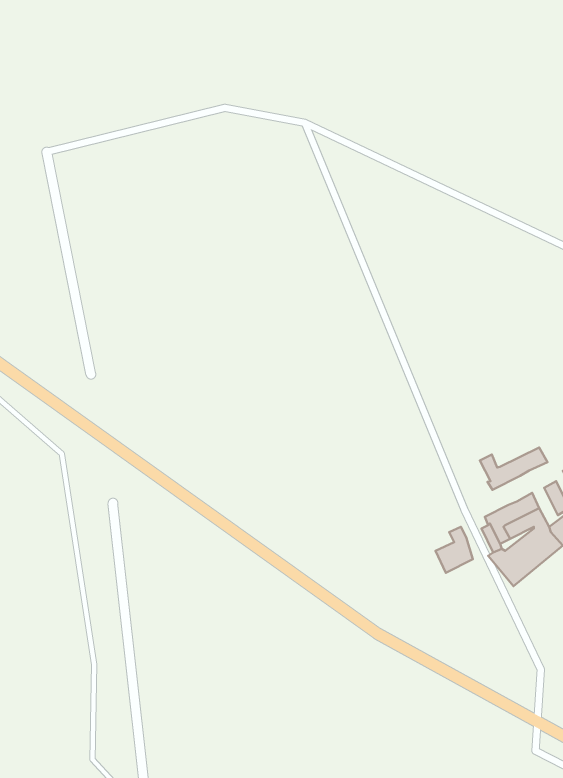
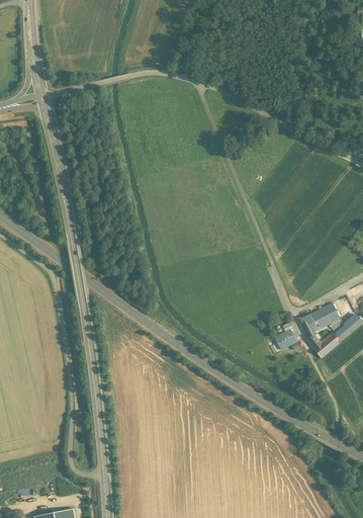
building: [480,447,548,490] -> none

